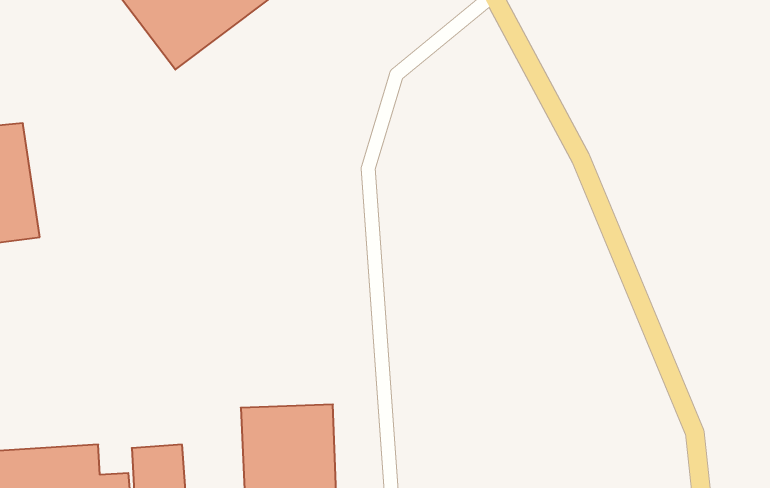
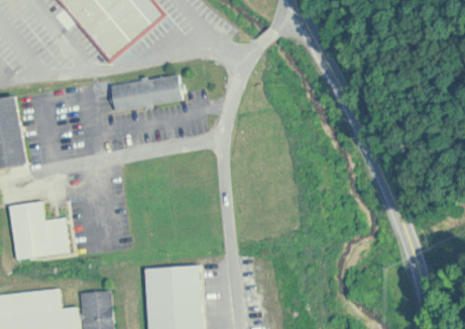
building: none -> [109,74,181,109]
building: none -> [9,200,70,258]

